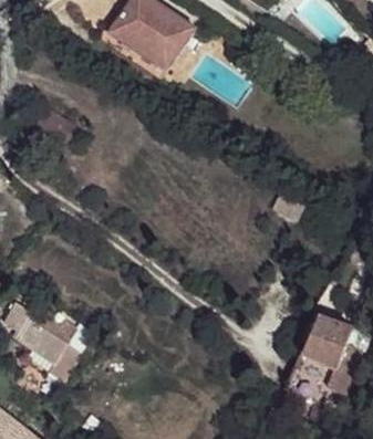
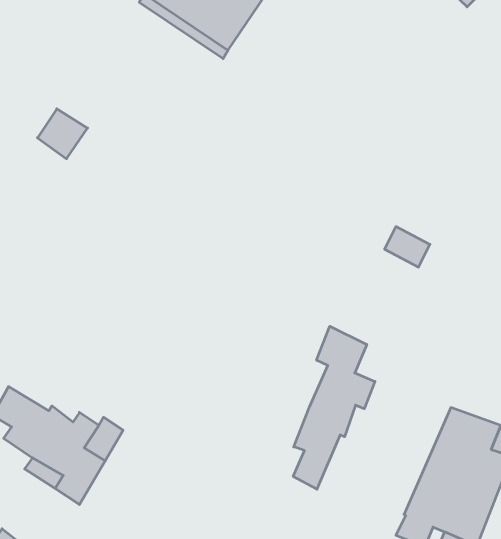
building: none -> [293,326,375,489]

